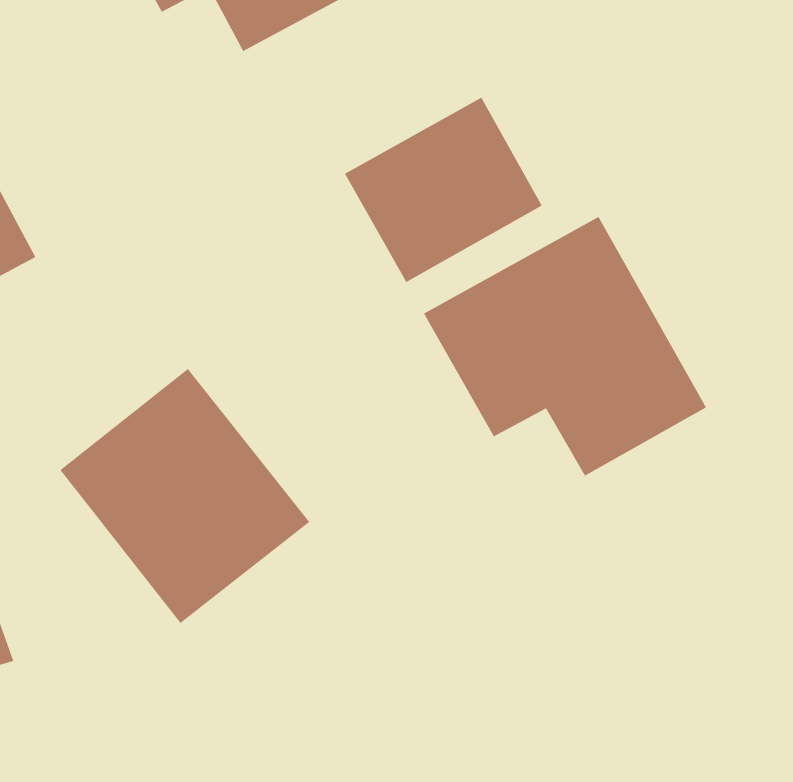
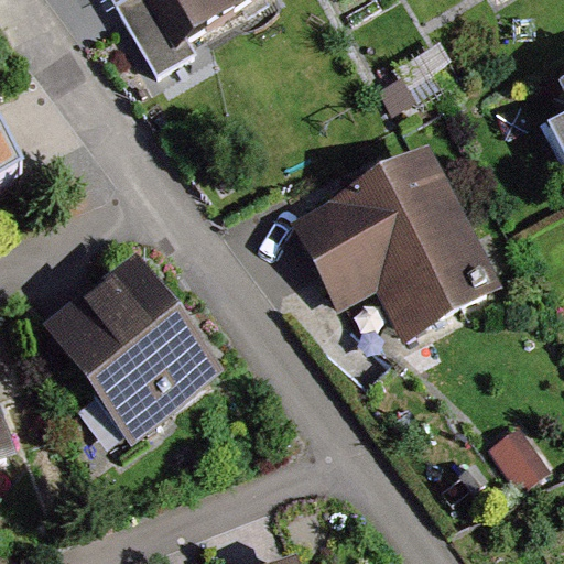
building: [344,97,542,283] -> none

